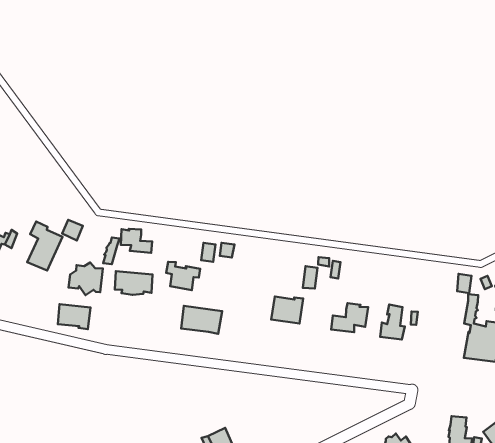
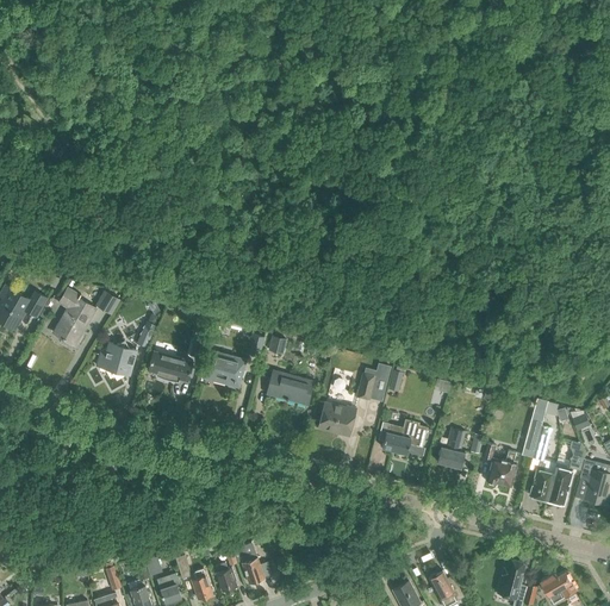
building: [121,229,152,253] -> none
building: [58,304,90,329] -> none
building: [181,306,222,334] -> [267,370,315,406]
building: none -> [484,443,517,486]

